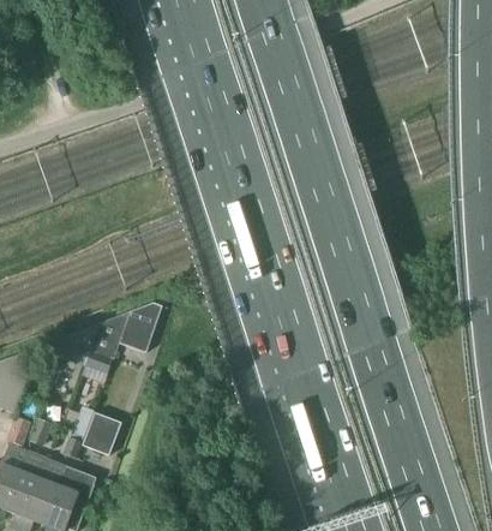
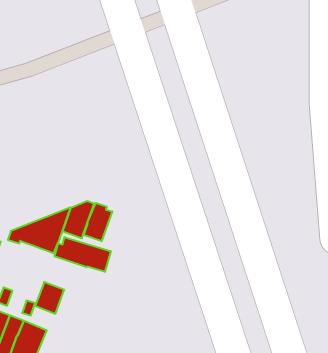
building: none -> [84,203,112,241]
building: none -> [55,237,111,272]

